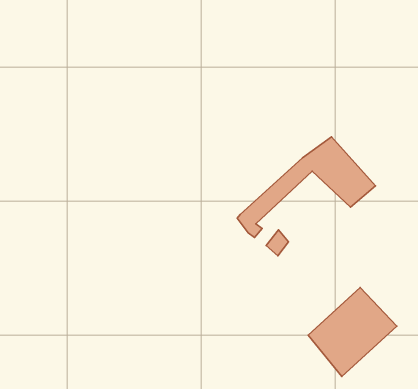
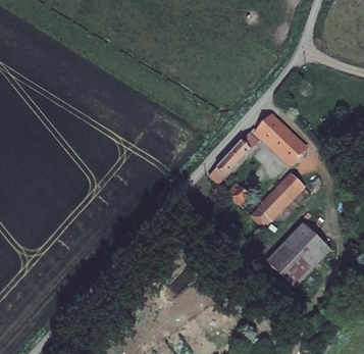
building: none -> [249,170,305,227]

